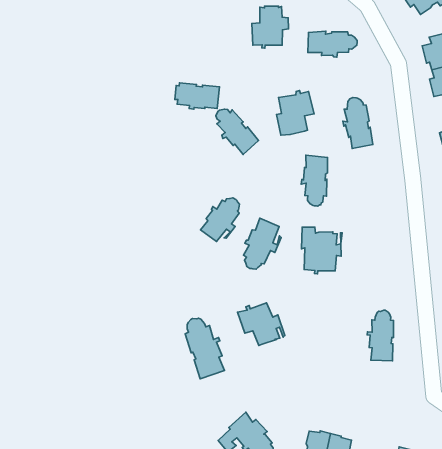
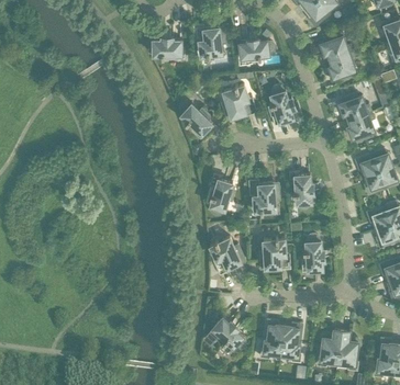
building: [175,83,219,109] -> [149,39,180,57]
building: [301,155,327,206] -> [292,174,311,210]
building: [200,198,239,242] -> none
building: none -> [259,237,285,268]
building: [185,318,225,379] -> none

